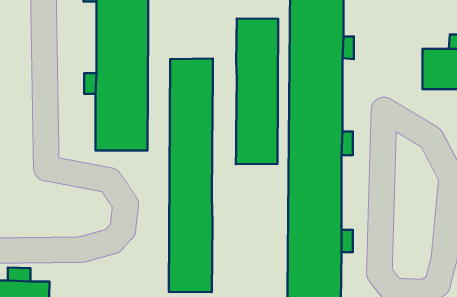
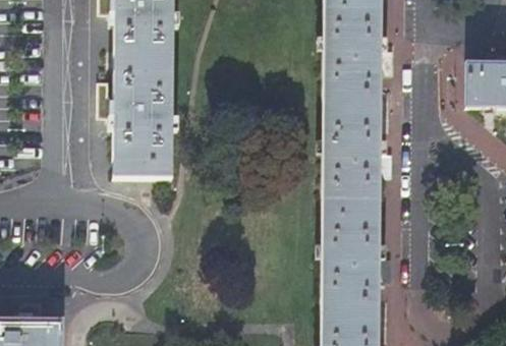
building: [236,18,278,164] -> none
building: [169,58,213,292] -> none

